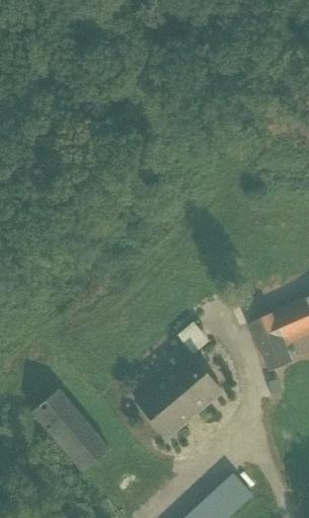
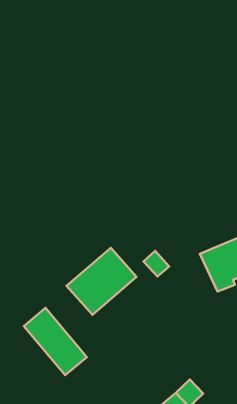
building: [139,353,224,435] -> [67,248,136,315]

